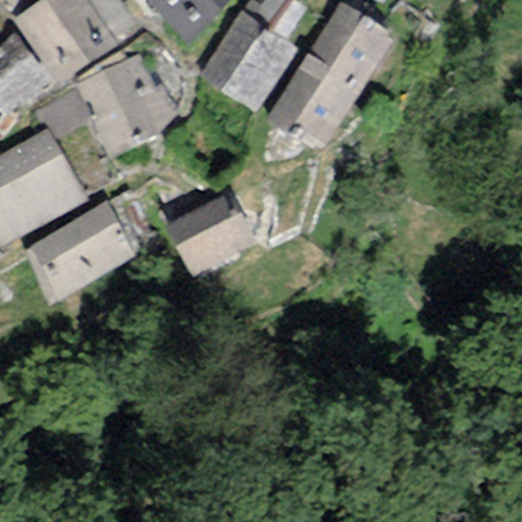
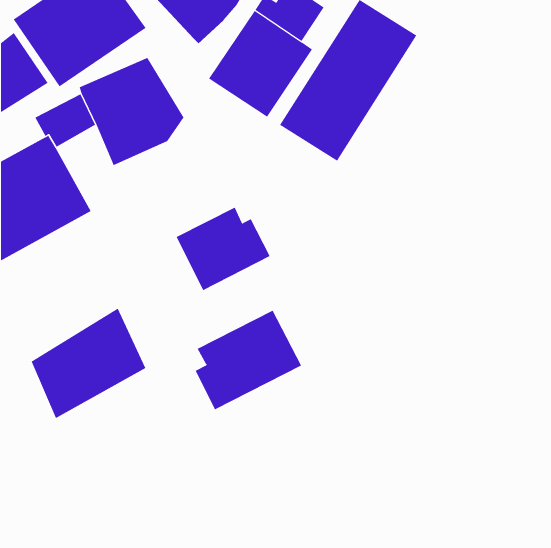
building: [24,199,134,304] -> [31,308,146,419]
building: none -> [195,310,302,410]

